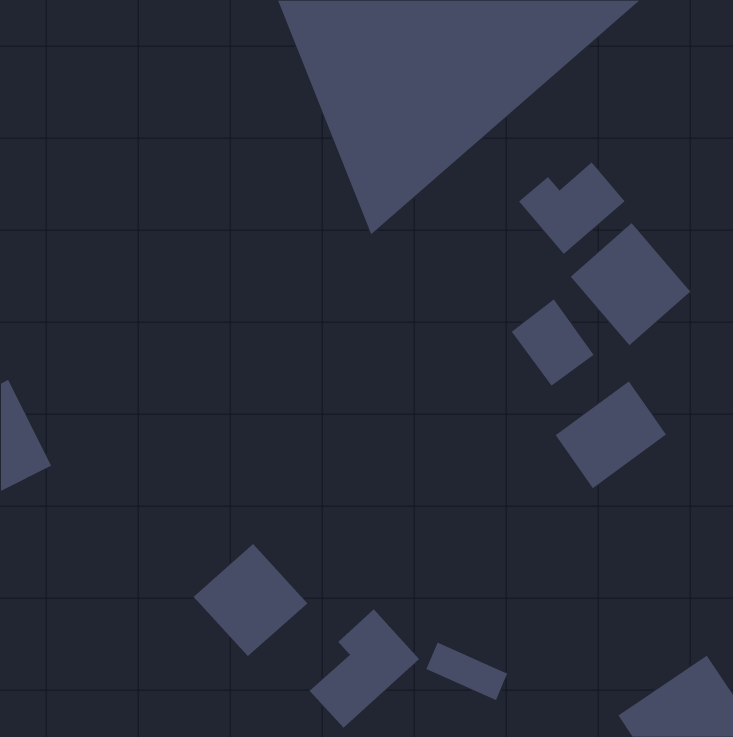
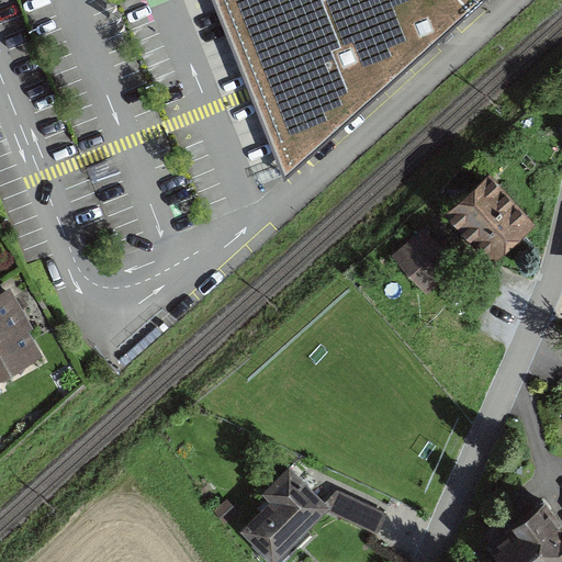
building: [518,161,626,255] -> none
building: [555,380,667,489] -> none
building: [193,543,308,657] -> none

